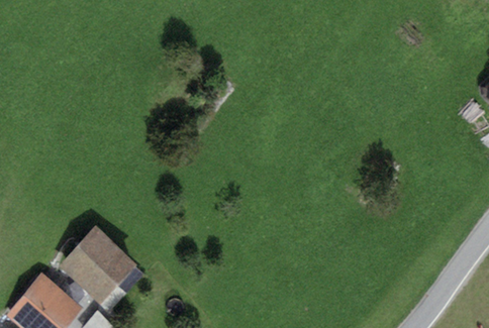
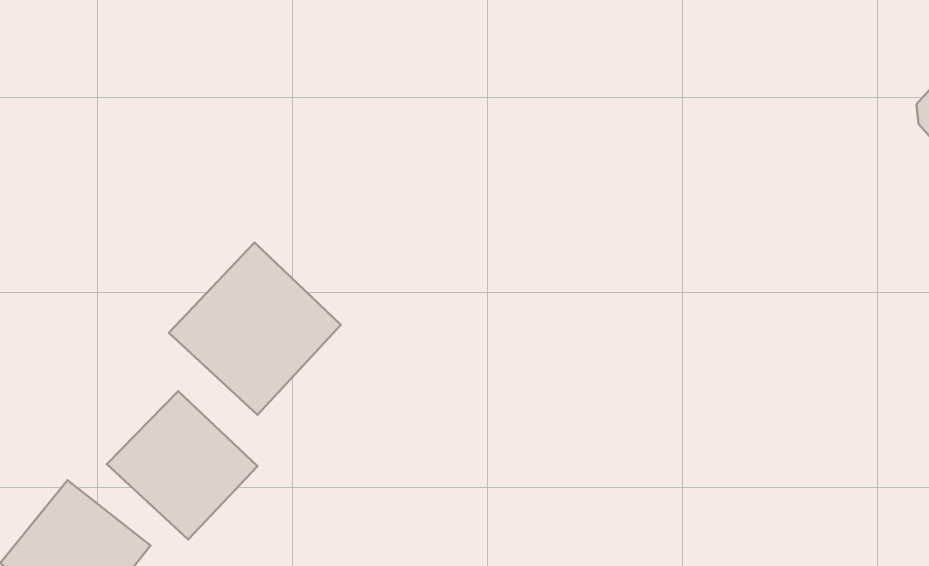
building: none -> [169,242,341,415]

